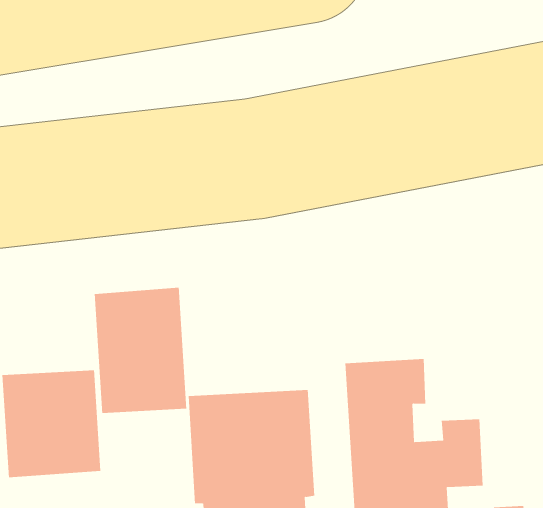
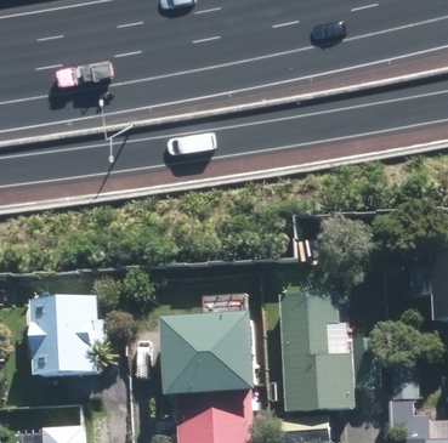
building: [94,287,187,414] -> none

